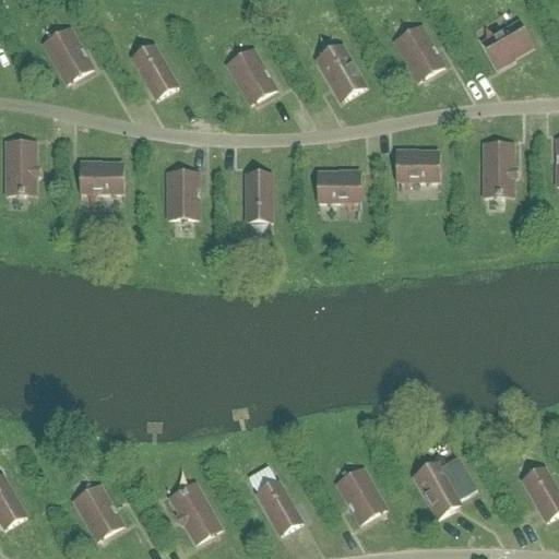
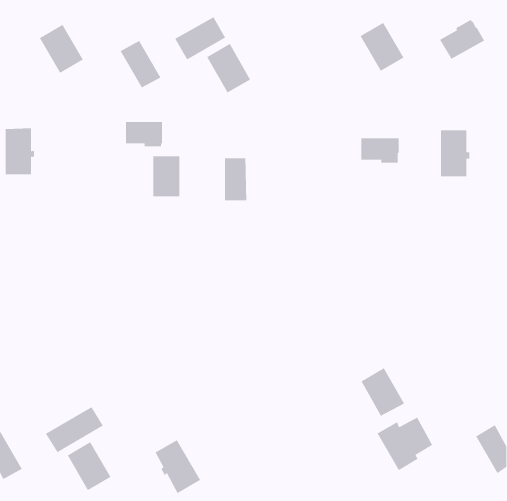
building: none -> [174,16,226,60]
building: [316,44,365,97] -> none
building: [80,163,121,191] -> [125,121,163,147]
building: [317,171,359,200] -> none
building: none -> [45,406,104,453]
building: [336,466,385,521] -> [360,367,405,417]
building: [255,479,301,533] -> none

